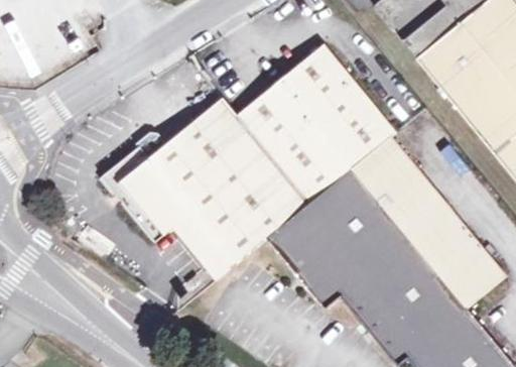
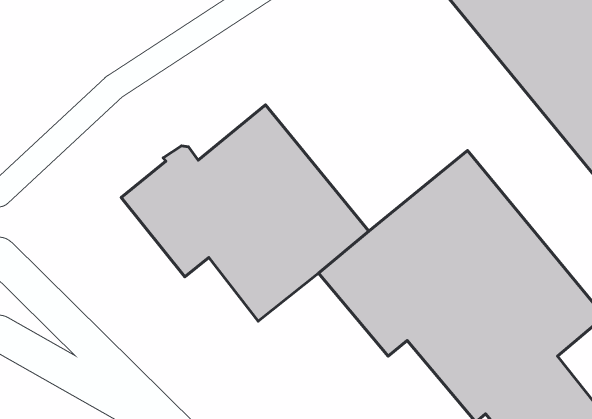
building: [237,44,396,204] -> none

